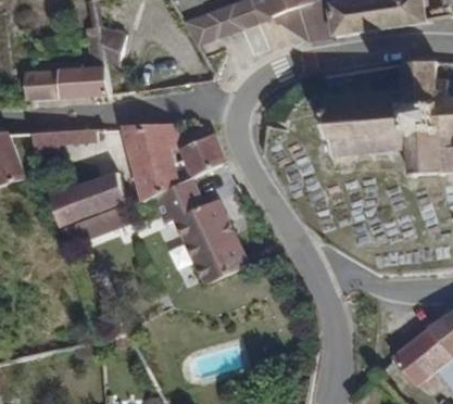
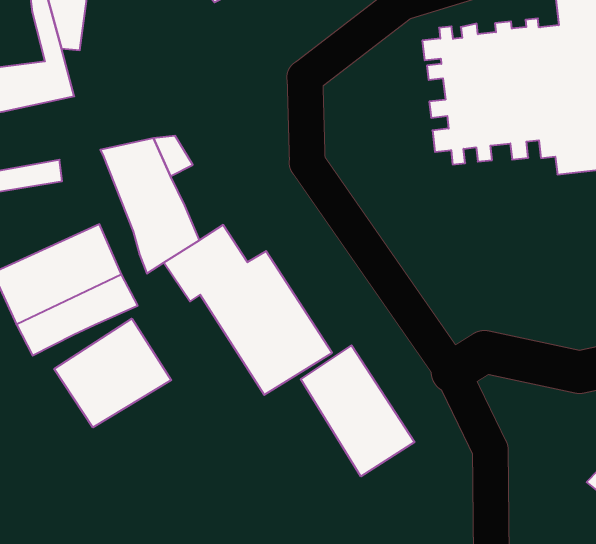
building: [168,132,227,187] -> none
building: none -> [54,319,171,427]
building: none -> [301,345,414,476]

